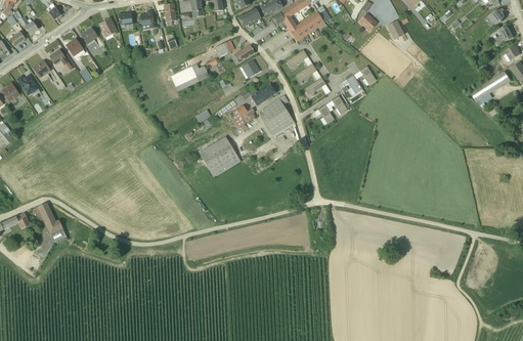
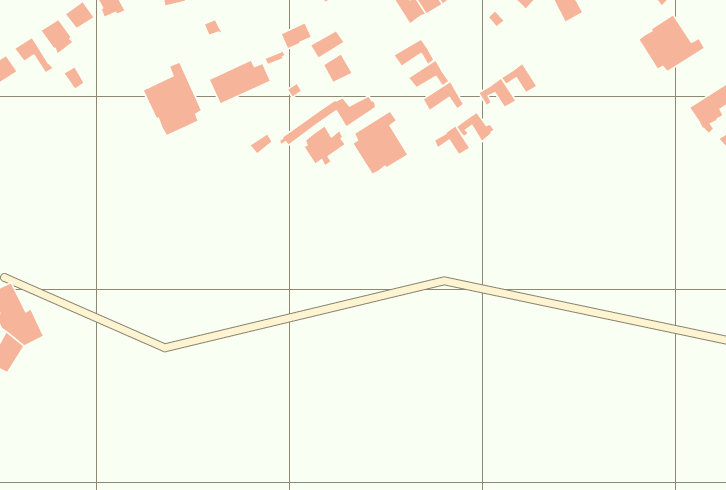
building: none -> [638,14,705,72]
building: none -> [143,62,202,136]
building: [199,135,241,177] -> none

